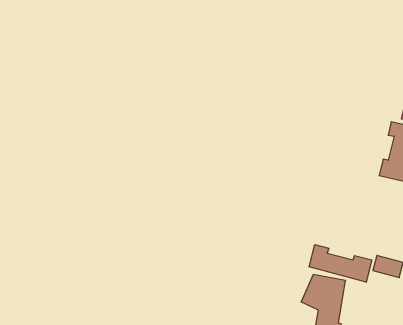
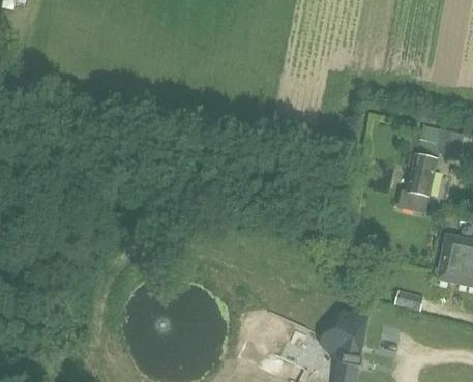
building: [309,245,372,282] -> none

